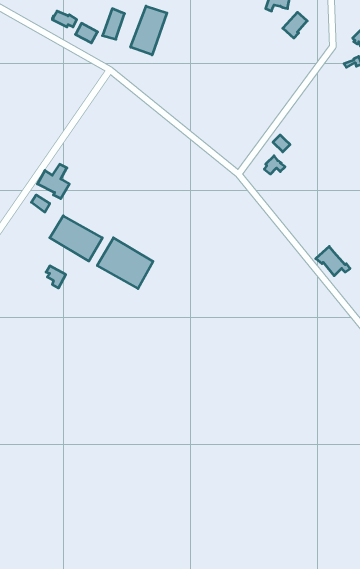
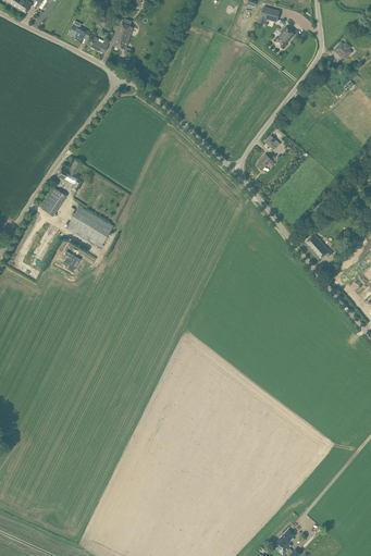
building: [131,6,167,55] -> none
building: [97,238,153,289] -> none

